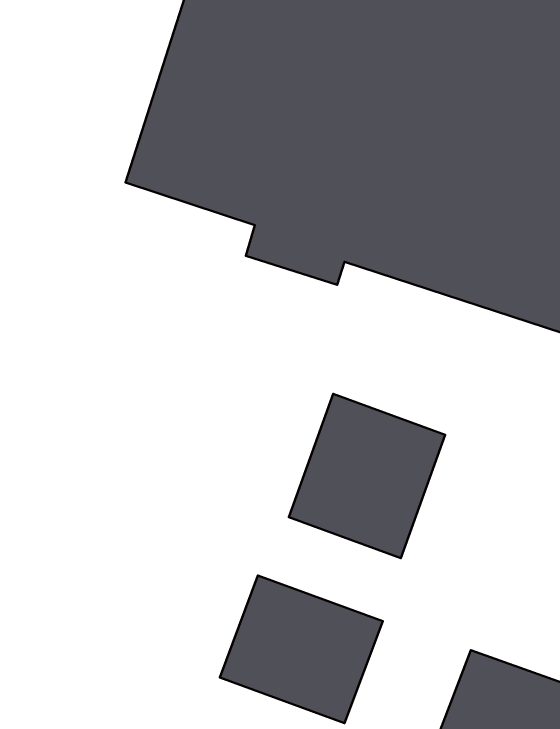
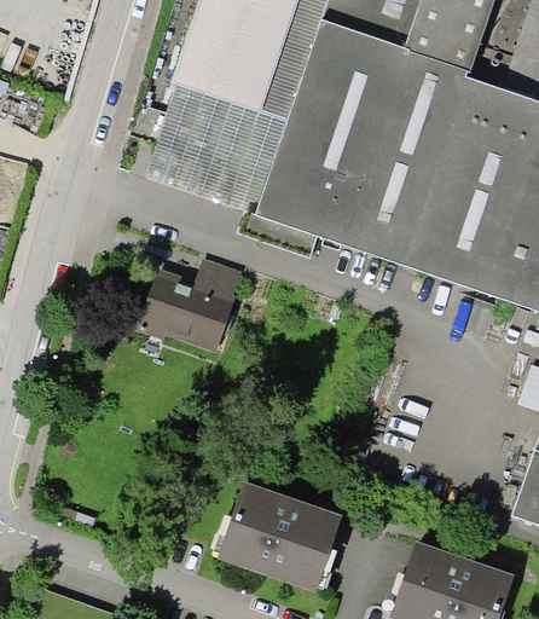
building: none -> [139,255,242,347]
building: [289,394,445,558] -> none

